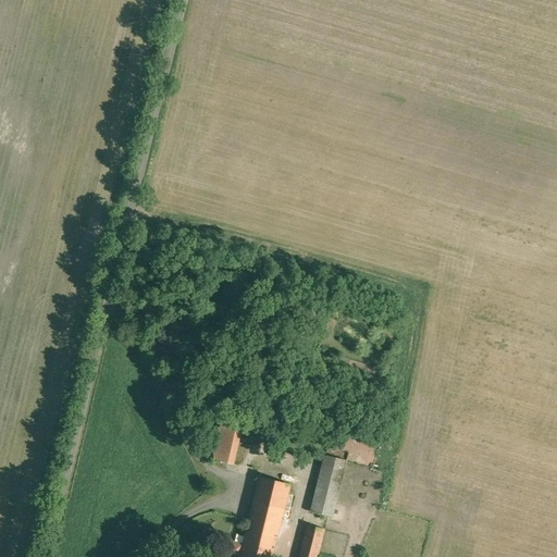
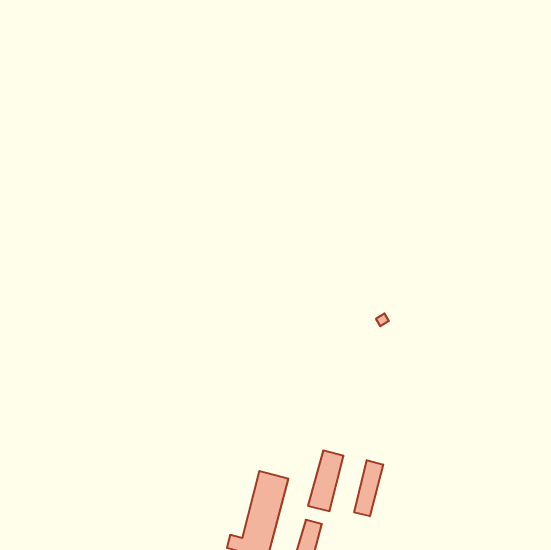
building: [211,424,239,463] -> none
building: none -> [354,460,383,516]

